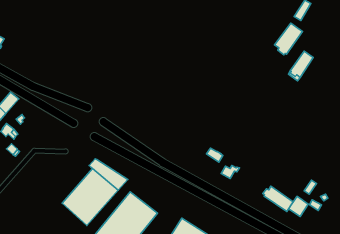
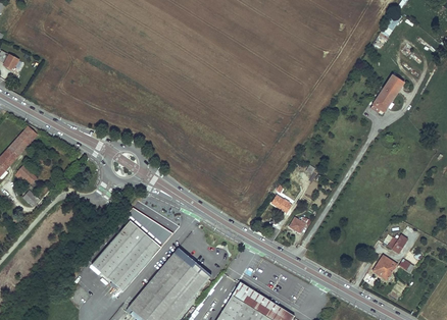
building: [274,23,303,55] -> none
building: [263,186,293,211] -> none

